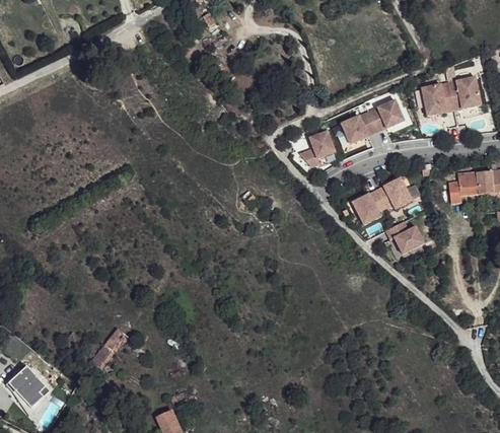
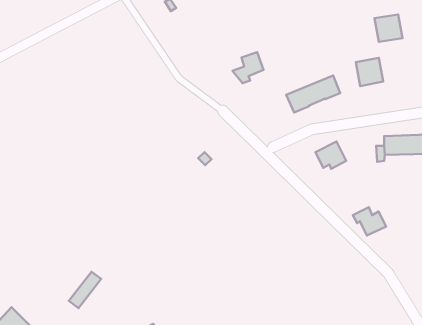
building: [448,77,481,109] -> [374,14,403,42]
building: [299,130,335,165] -> [233,52,263,83]
building: [351,190,384,224] -> none
building: [383,221,422,254] -> [353,207,386,235]

